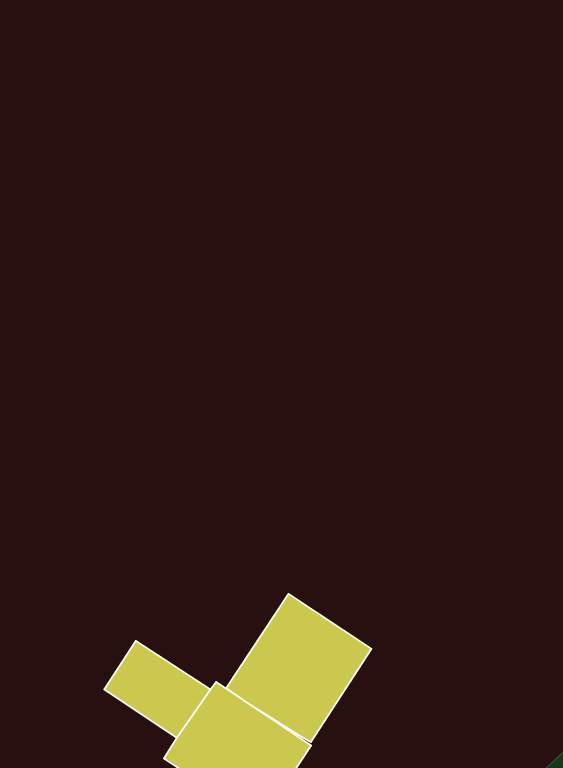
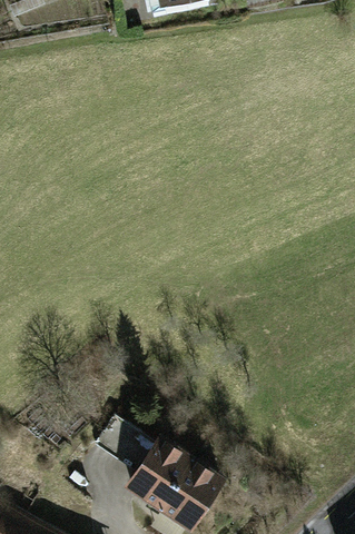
building: [226,594,372,742] -> none

